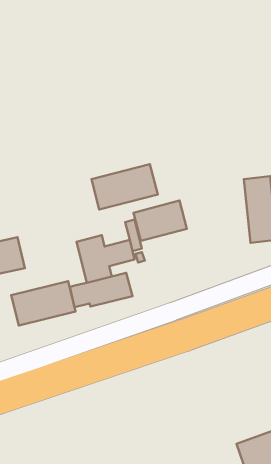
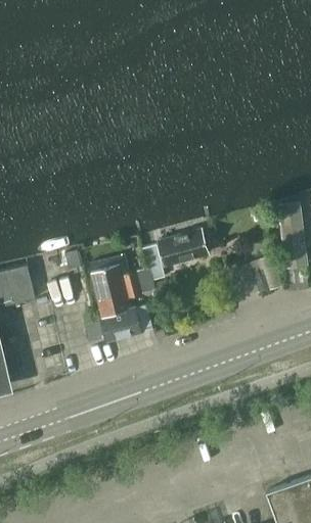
building: [91,164,158,210] -> none
building: [11,281,76,326] -> none

